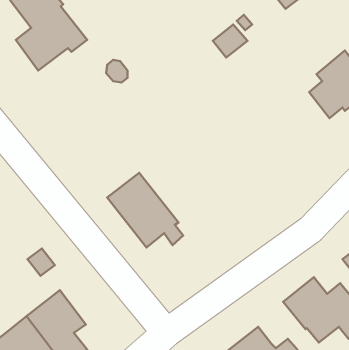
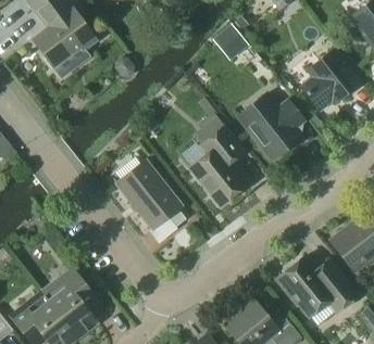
building: none -> [237,92,304,161]
building: none -> [190,127,248,205]

